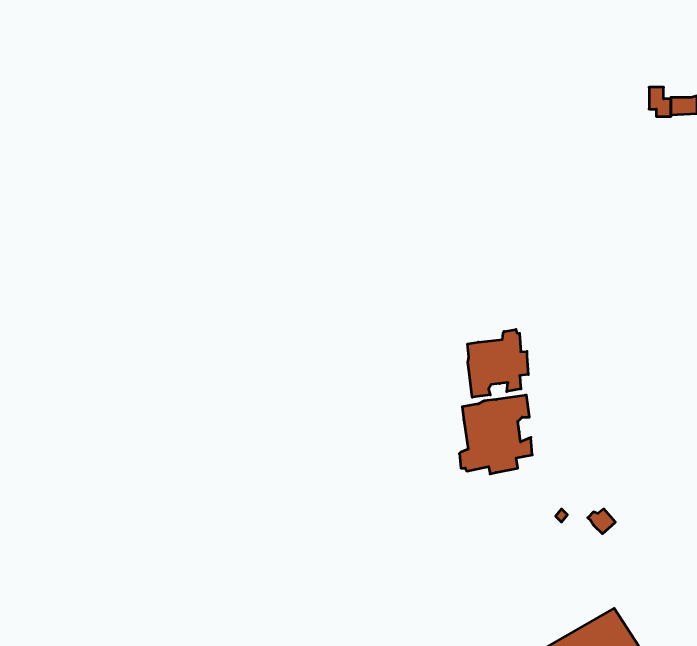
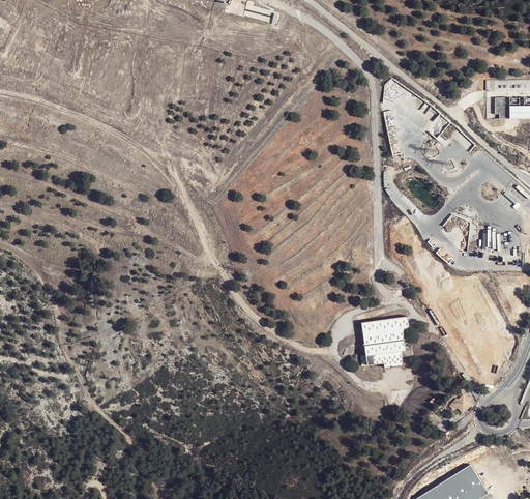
building: [468,329,528,397] -> none

